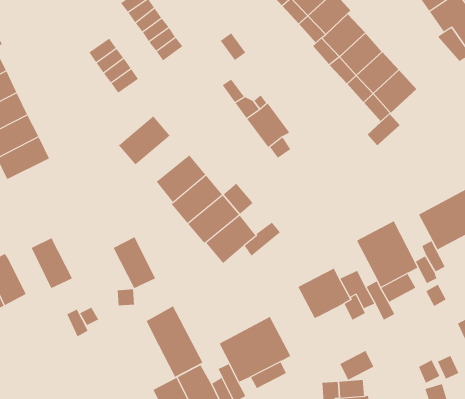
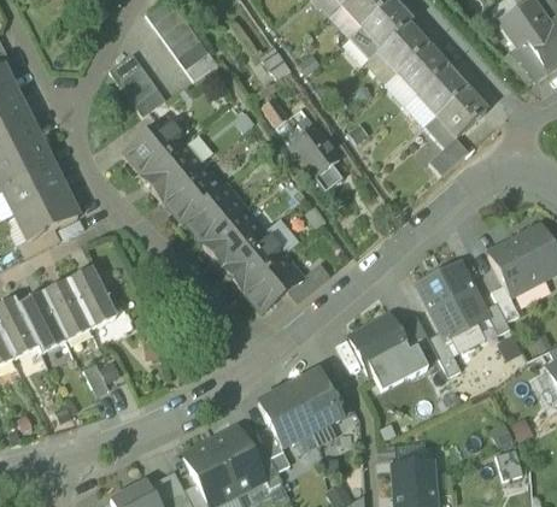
building: none -> [125,117,184,172]
building: none -> [165,163,223,218]
building: none -> [16,189,78,240]
building: [113,236,156,289] -> [68,266,117,326]
building: none -> [18,291,66,352]
building: [146,305,203,378] -> none
building: [340,350,374,381] -> [373,355,412,390]

